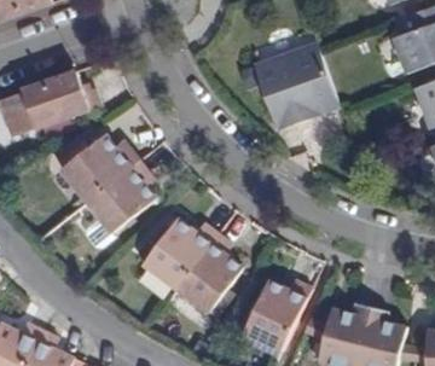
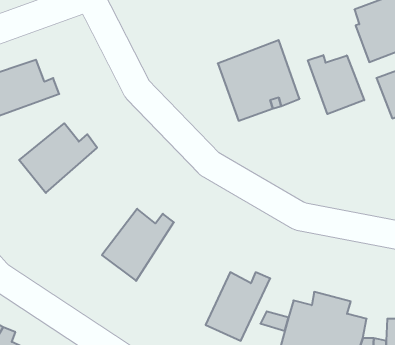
building: none -> [308,55,364,114]
building: [85,157,155,246] -> none
building: [175,231,242,313] -> none

